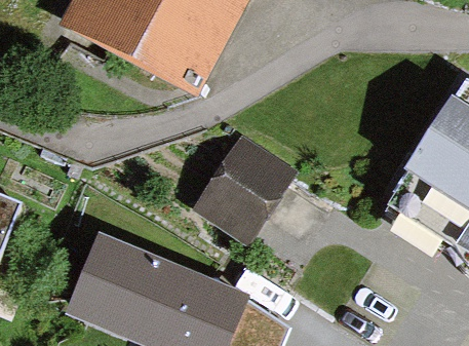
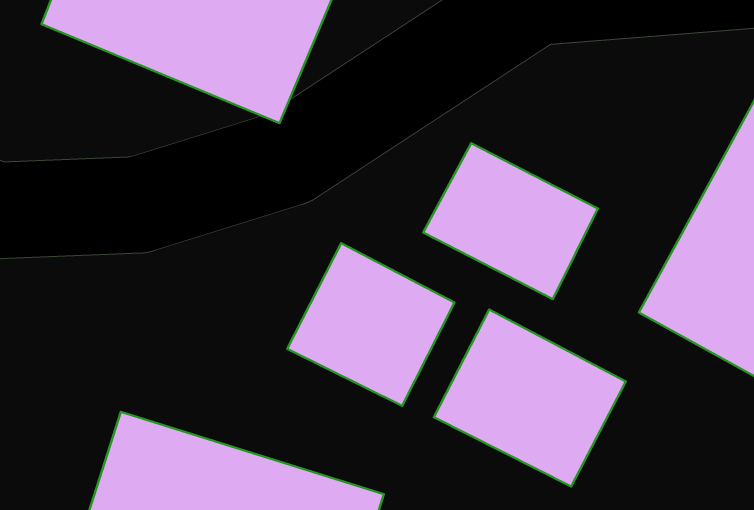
building: none -> [423,143,598,299]
building: none -> [434,310,626,486]

